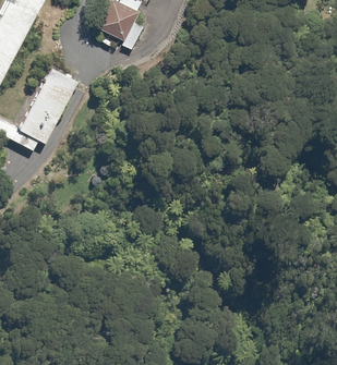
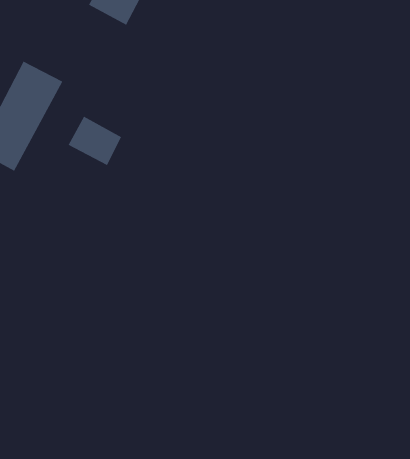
building: none -> [68,116,122,166]

